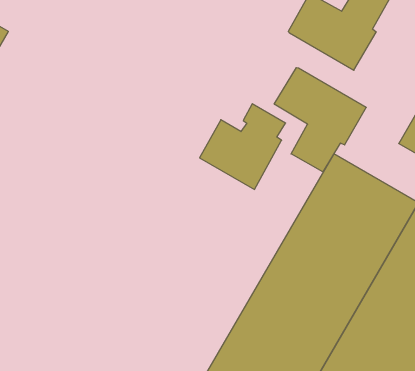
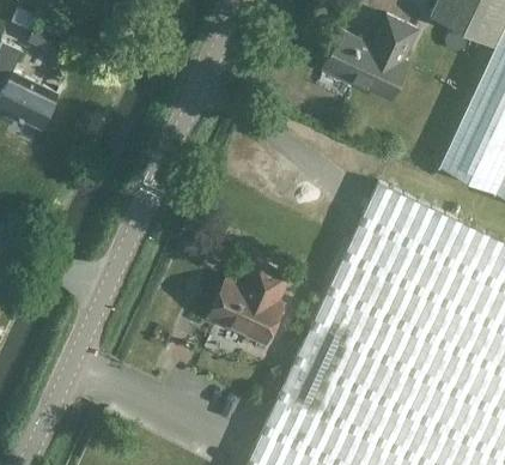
building: [274,68,366,172] -> none
building: [200,104,286,189] -> [209,262,288,344]

